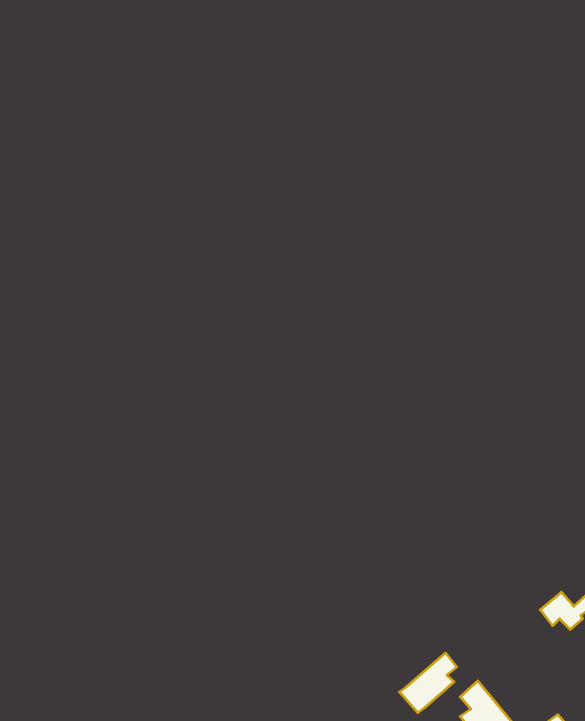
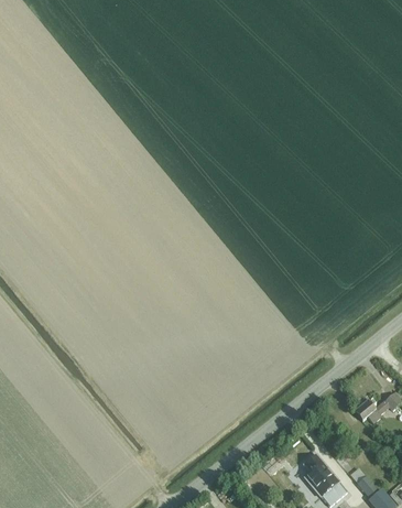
building: [399,653,457,713] -> none

